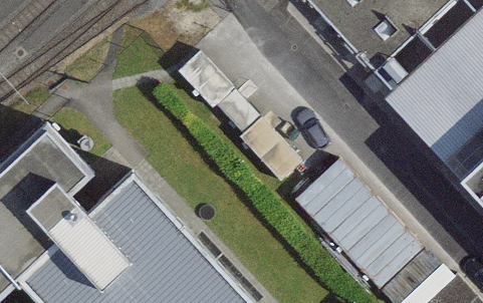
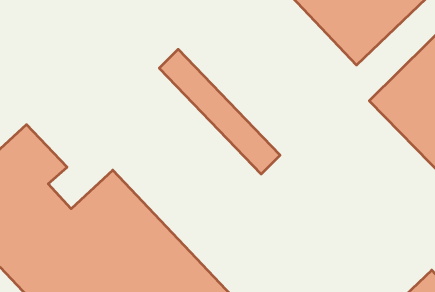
building: [296,162,440,286] -> none

